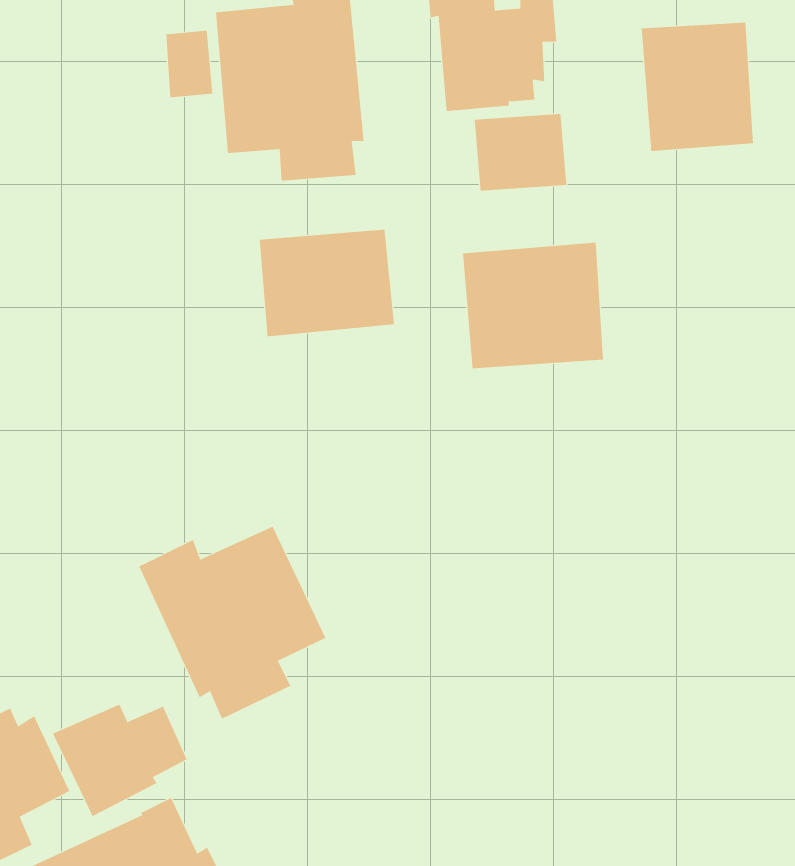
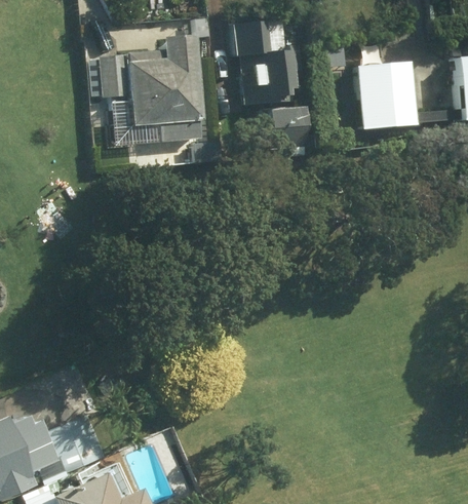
building: [259,229,394,337] -> none
building: [462,242,604,369] -> none
building: [139,526,326,720] -> none

